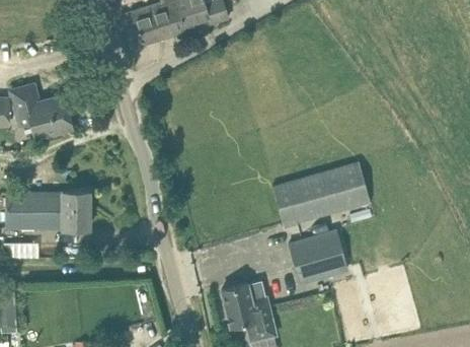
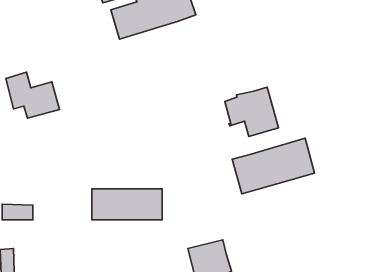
building: none -> [225,87,279,136]
building: [6,193,88,229] -> [92,189,162,220]
building: [289,231,346,284] -> none

